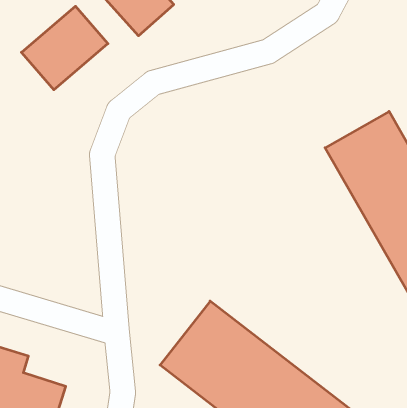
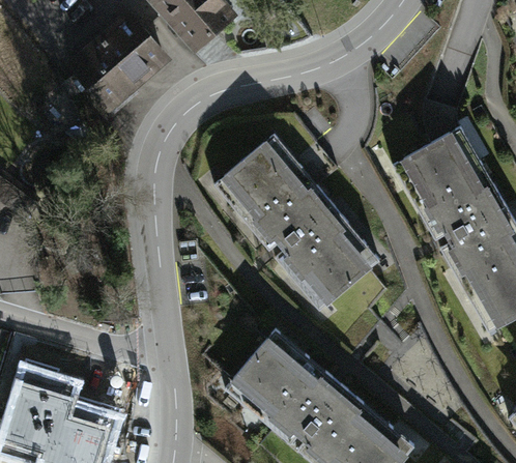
building: none -> [218,136,389,321]

